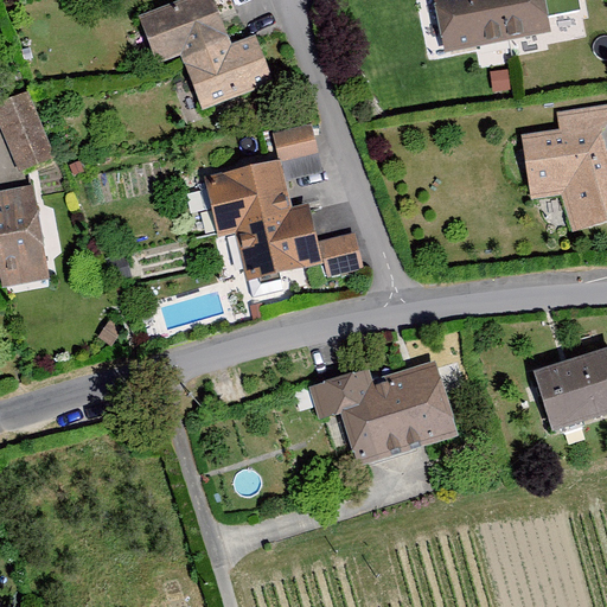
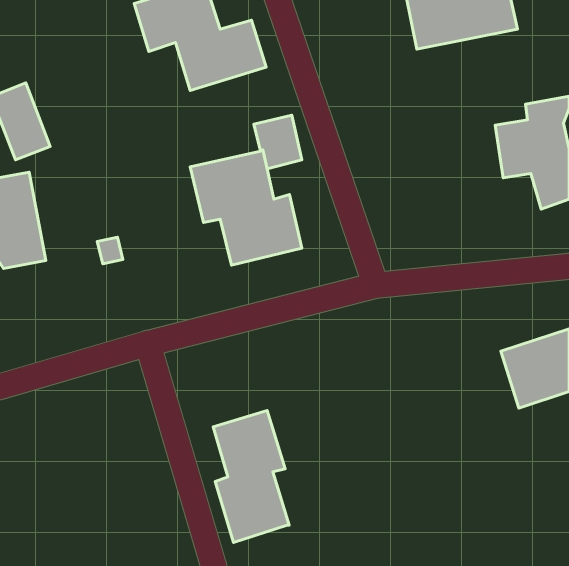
building: [315,229,363,276] -> none
building: [308,359,458,467] -> none
building: none -> [213,411,289,542]

